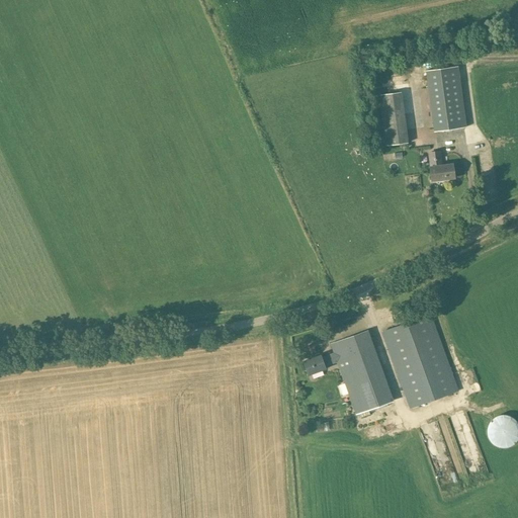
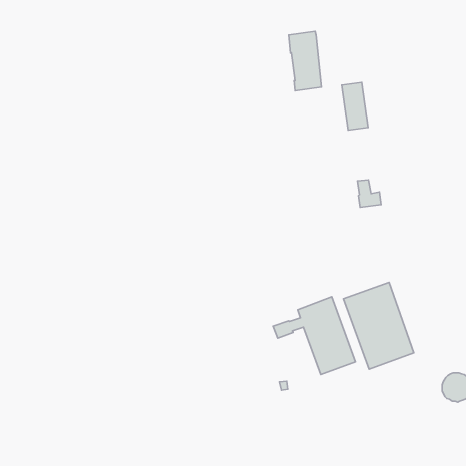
building: [428,66,464,132] -> [289,31,322,90]
building: [429,150,455,180] -> [358,180,381,208]

